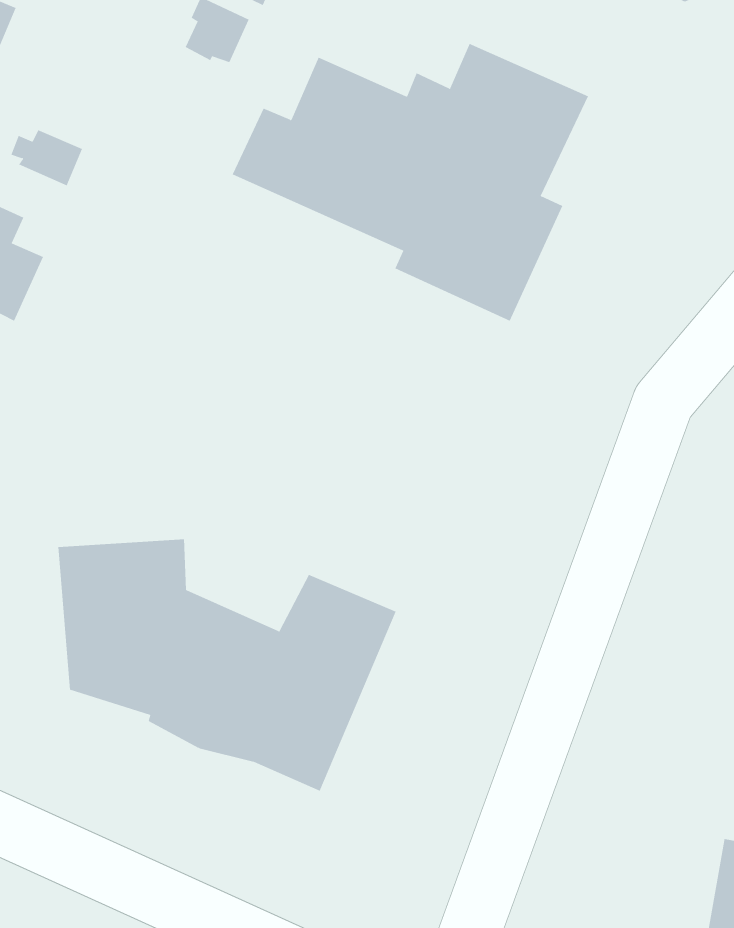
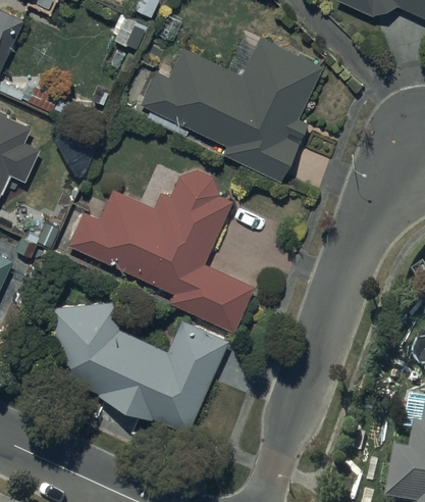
building: none -> [67,171,254,333]

